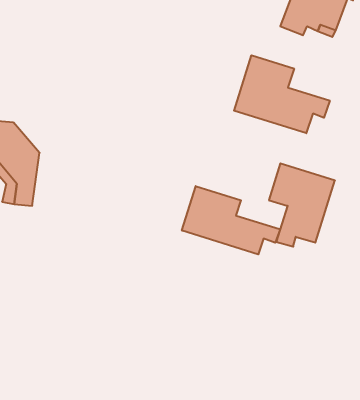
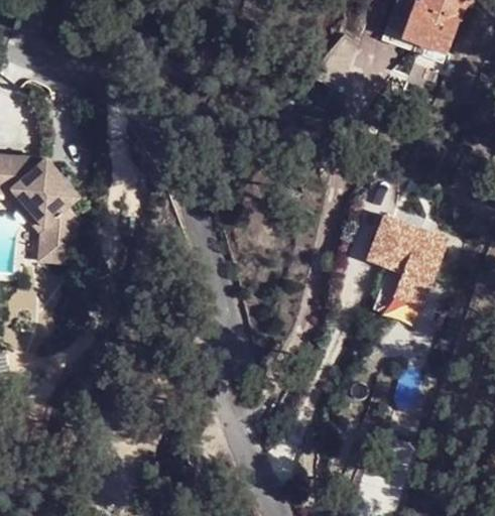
building: [234,55,330,133] -> none
building: [182,186,280,254] -> none

